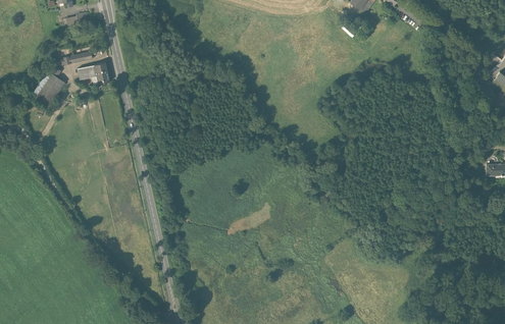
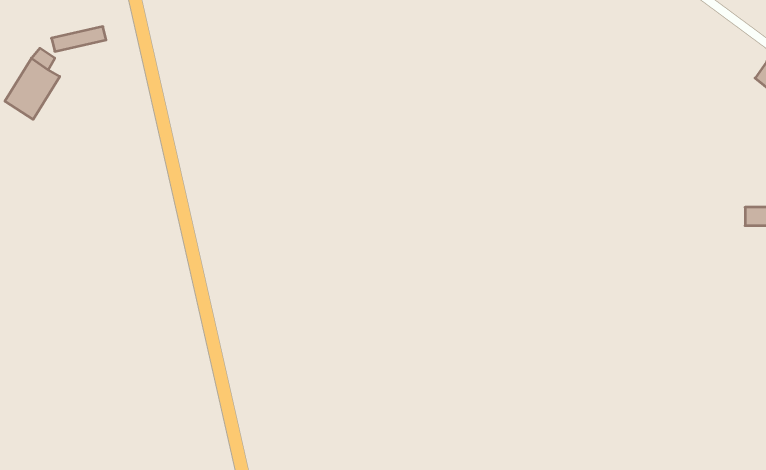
building: [79,62,111,85] -> none

